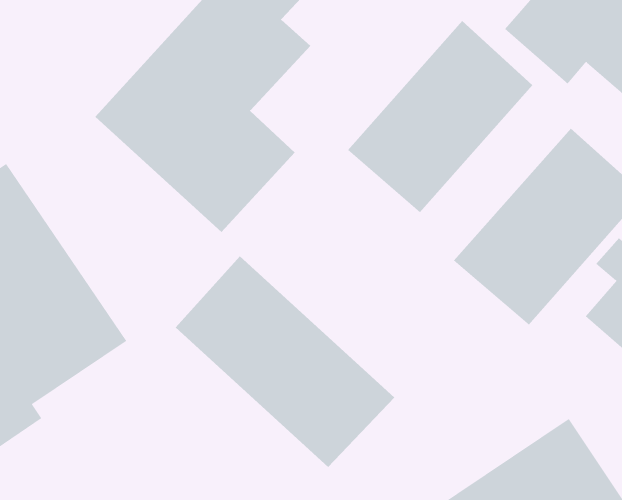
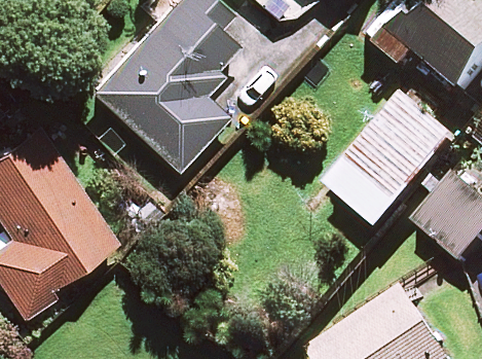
building: [347,20,533,213] -> none
building: [175,255,395,468] -> none

